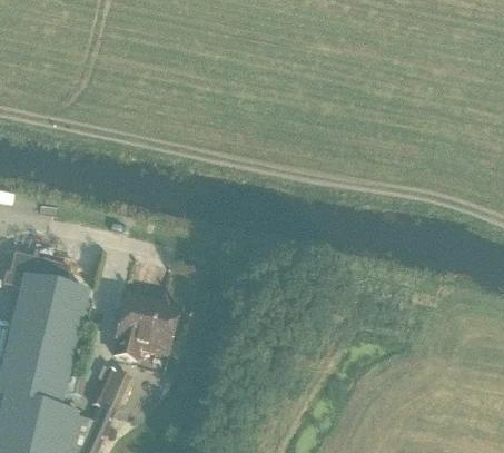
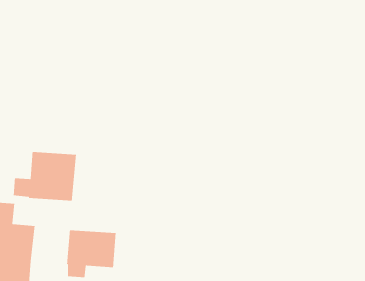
building: none -> [13,151,77,202]

